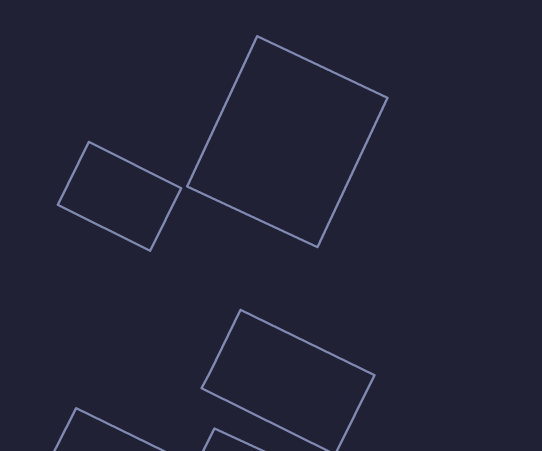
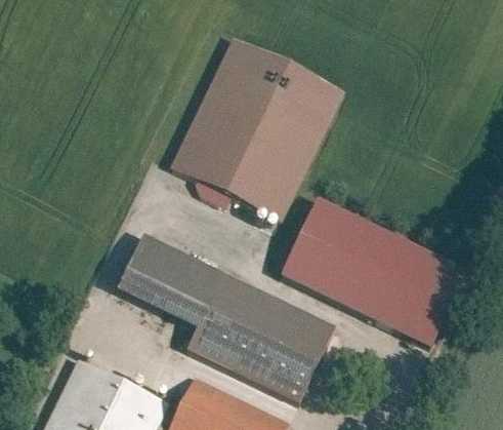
building: [58,142,181,251] -> [114,235,220,329]
building: none -> [281,200,459,342]

